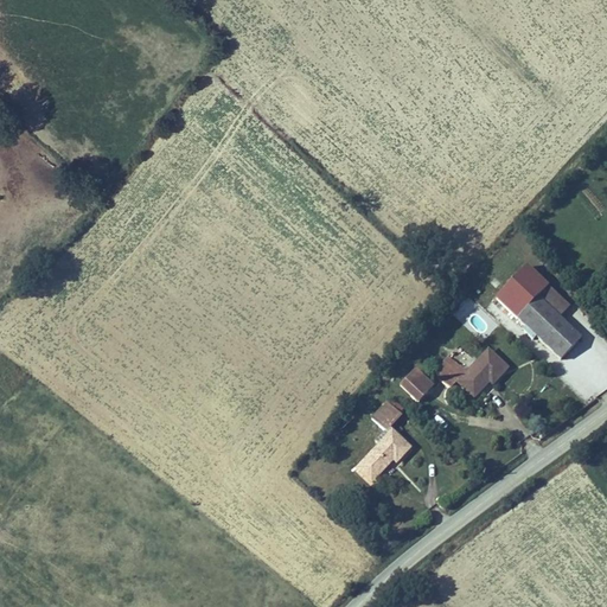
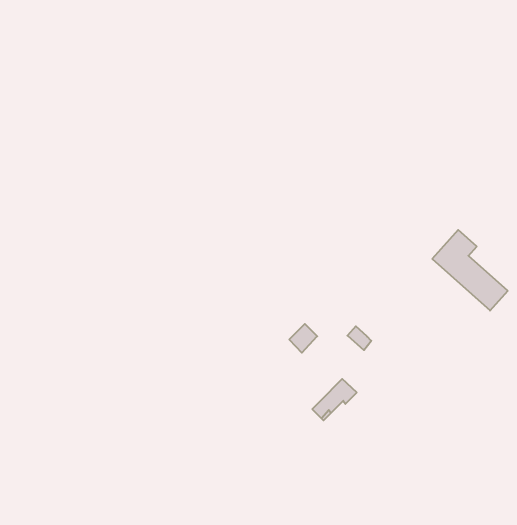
building: [434,349,507,396] -> none
building: [370,400,402,433] -> [289,324,317,353]

